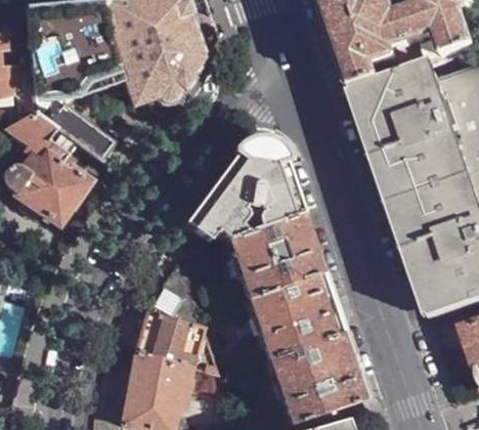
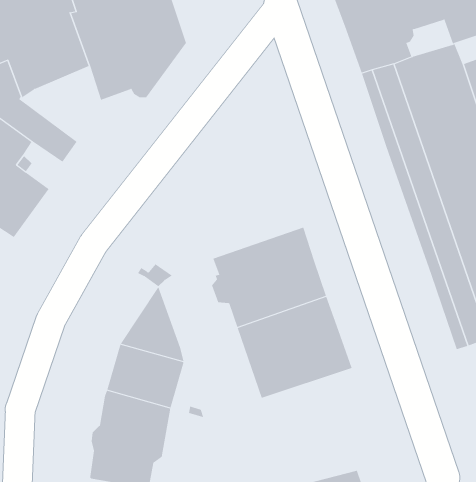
building: [180,141,303,243] -> none
building: [267,333,366,424] -> none

